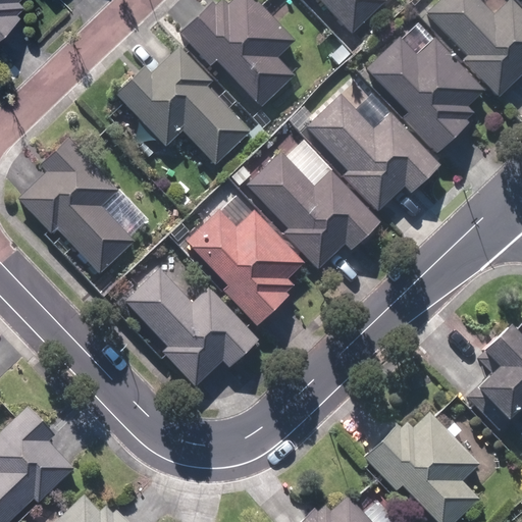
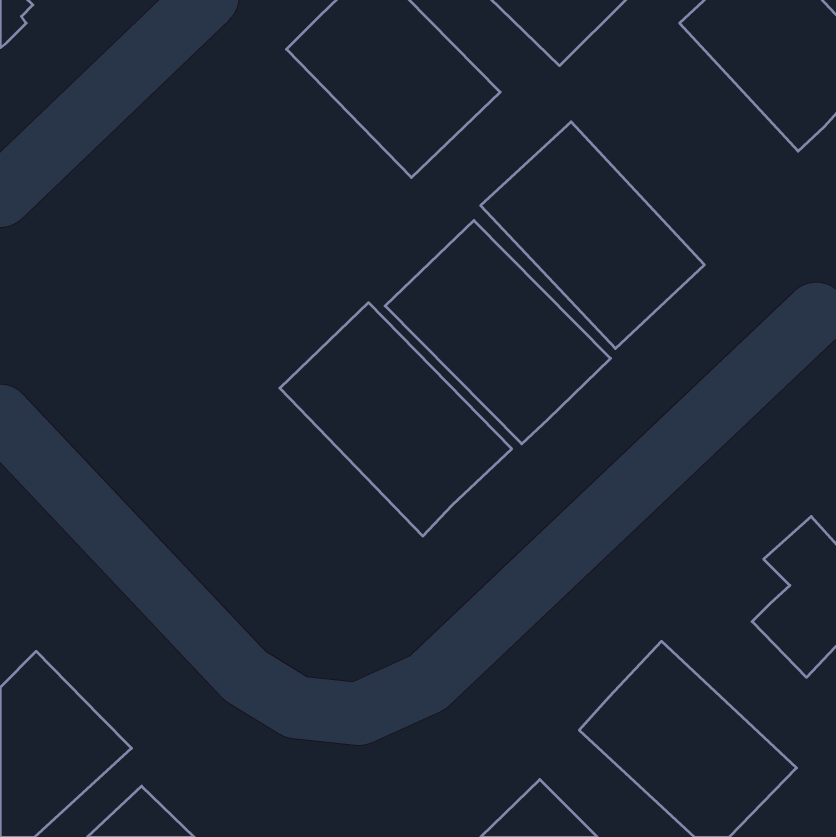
building: [366,20,495,149] -> none
building: [114,47,250,165] -> none
building: [14,141,149,274] -> none
building: [115,253,260,396] -> none

